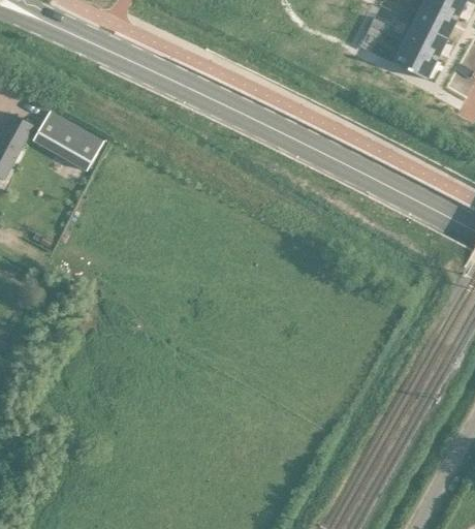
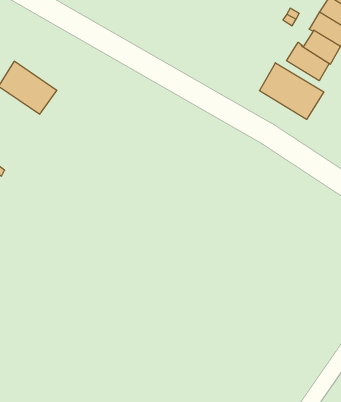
building: none -> [287,42,329,81]
building: none -> [259,63,324,119]

